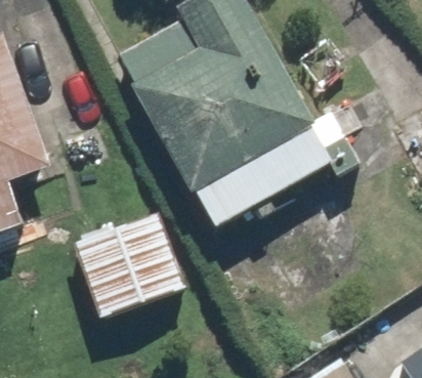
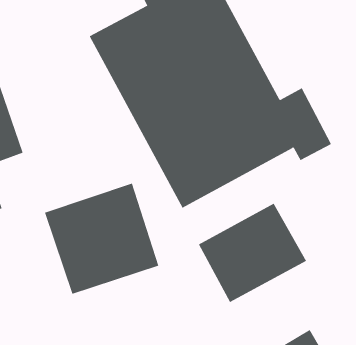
building: none -> [198,203,307,303]

